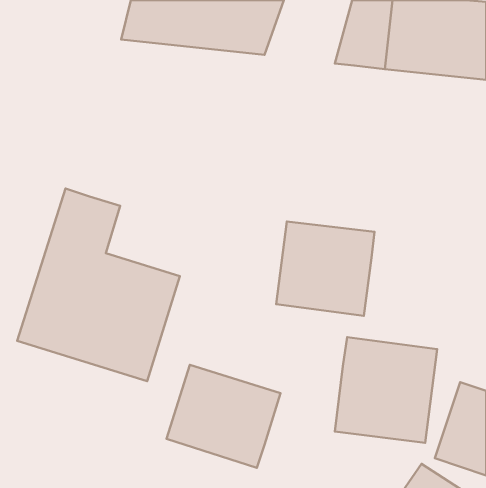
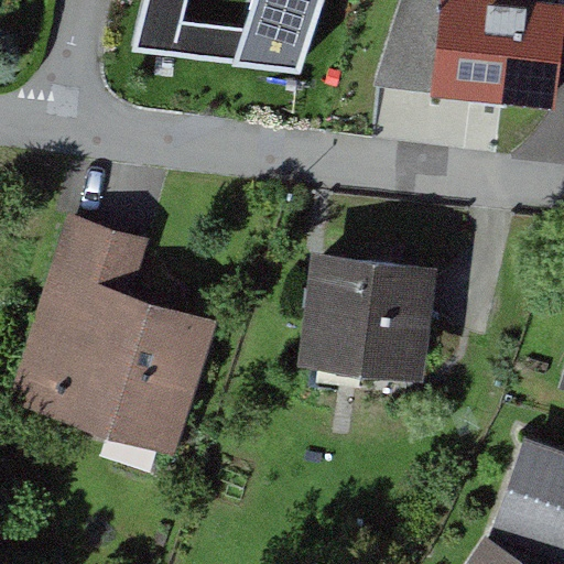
building: [335,337,437,443] -> none
building: [166,365,281,468] -> none

